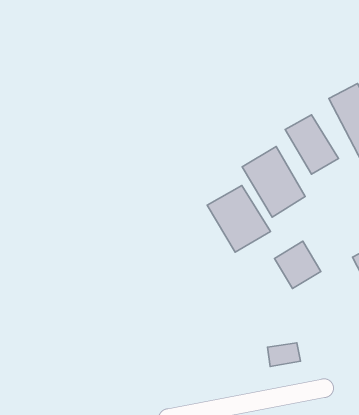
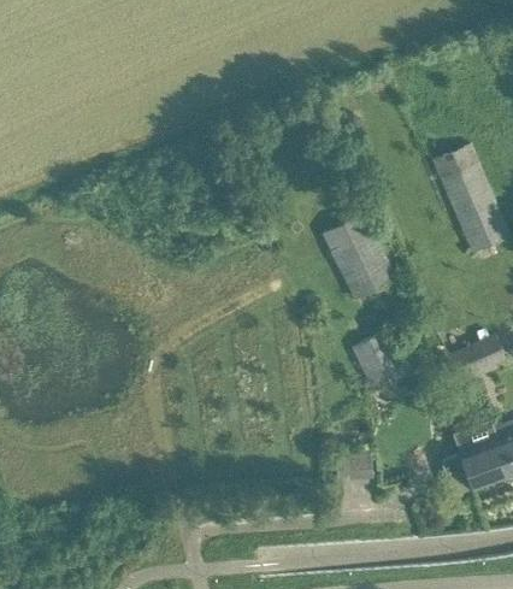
building: [285,115,338,174] -> none
building: [207,185,270,252] -> none

